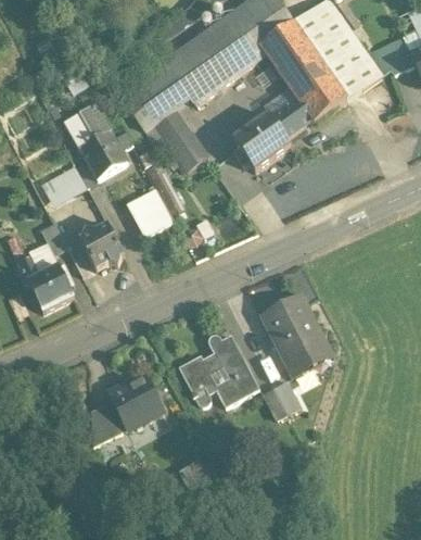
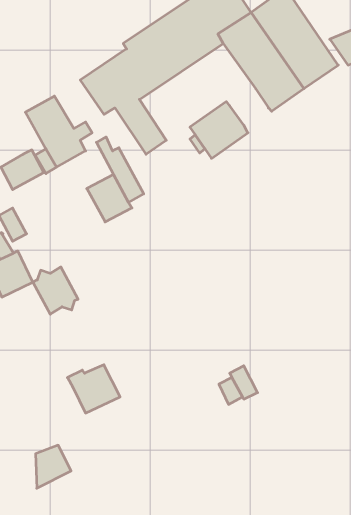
building: [272,100,311,137] -> none
building: [78,221,124,268] -> [33,267,78,314]
building: [257,292,334,379] -> none
building: [178,335,258,406] -> none
building: [91,402,127,445] -> [36,445,71,488]

